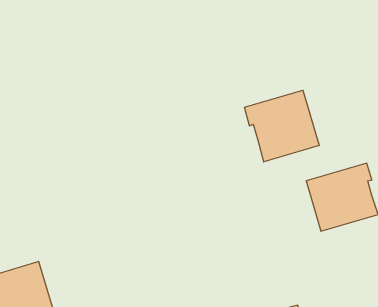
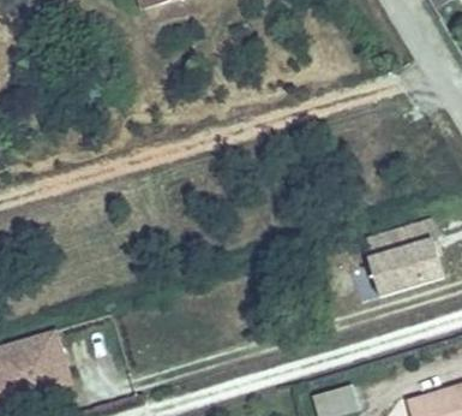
building: [244,90,319,162] -> none

